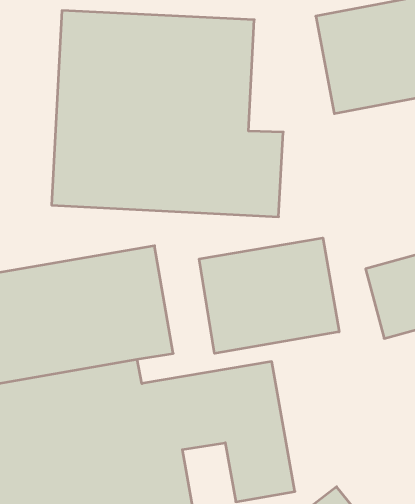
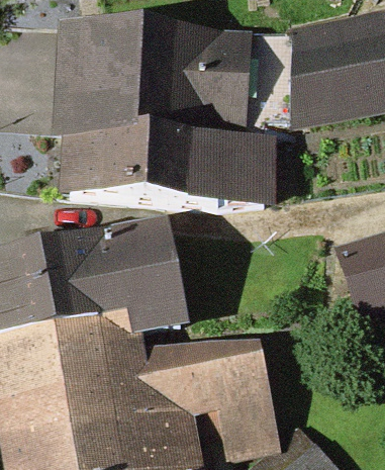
building: [199,238,339,353] -> none

